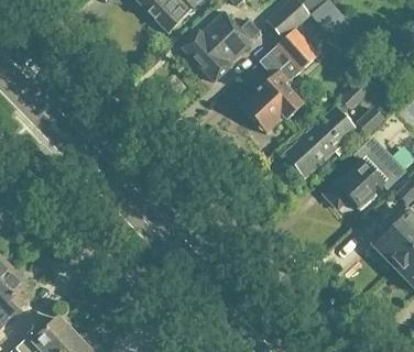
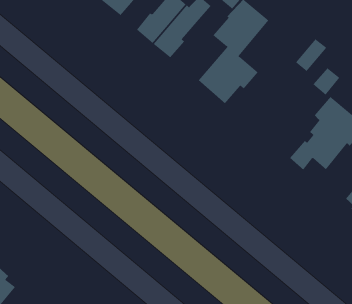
building: [285,108,353,174] -> none

